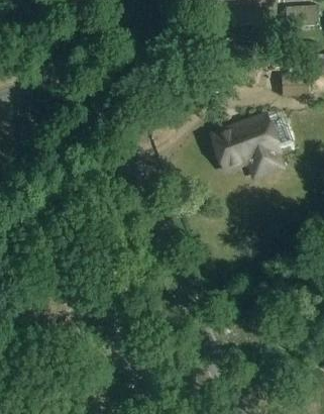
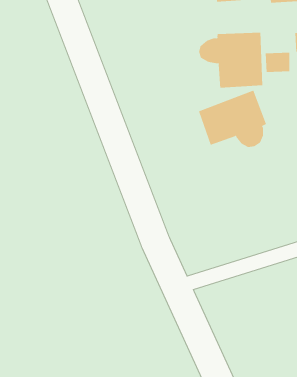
building: none -> [198,32,263,88]

